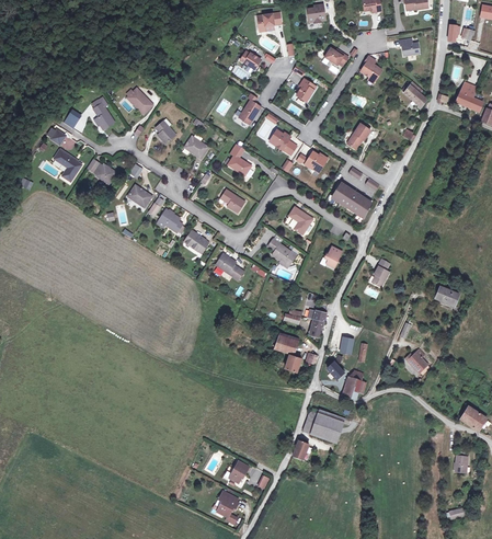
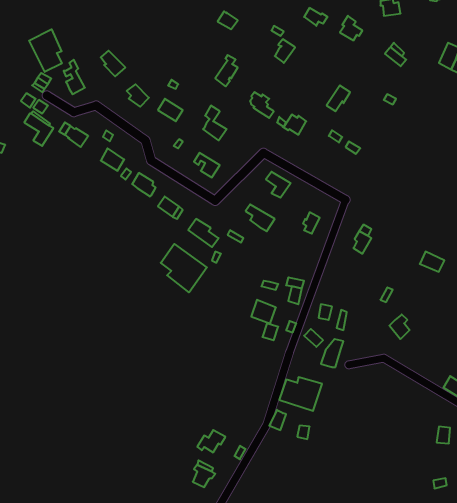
building: none -> [29,29,62,72]
building: [333,182,371,216] -> none
building: none -> [161,244,207,292]

